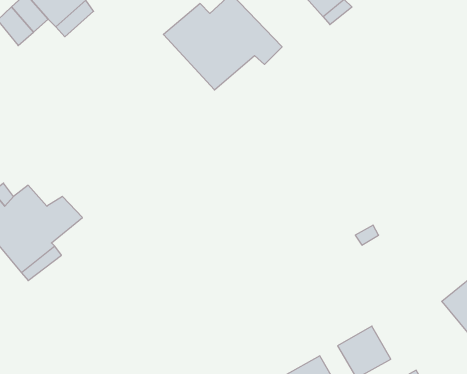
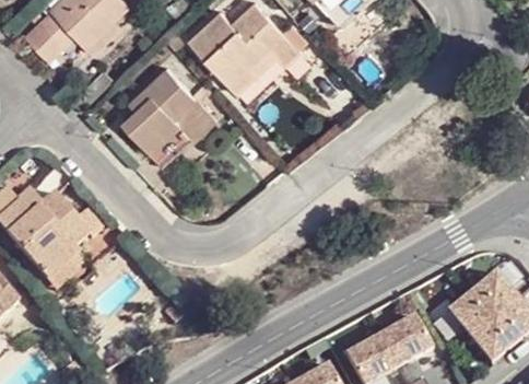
building: none -> [110,61,202,159]
building: none -> [383,313,436,365]

